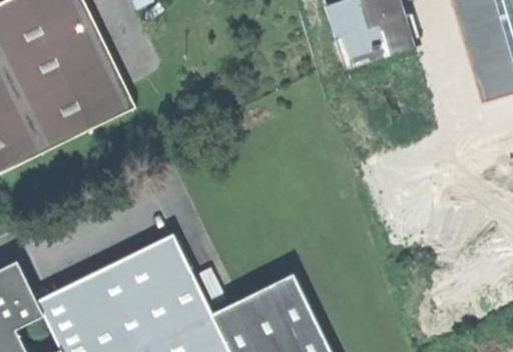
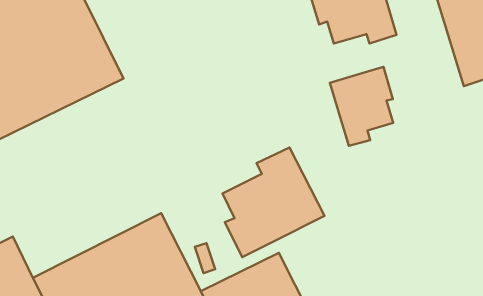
building: none -> [330,67,393,146]
building: none -> [222,147,324,257]

